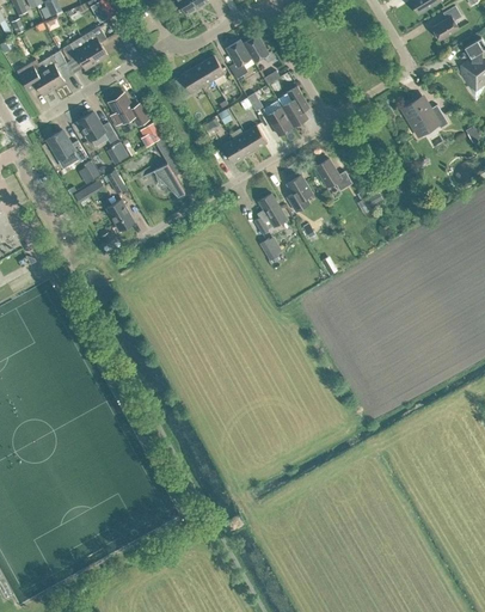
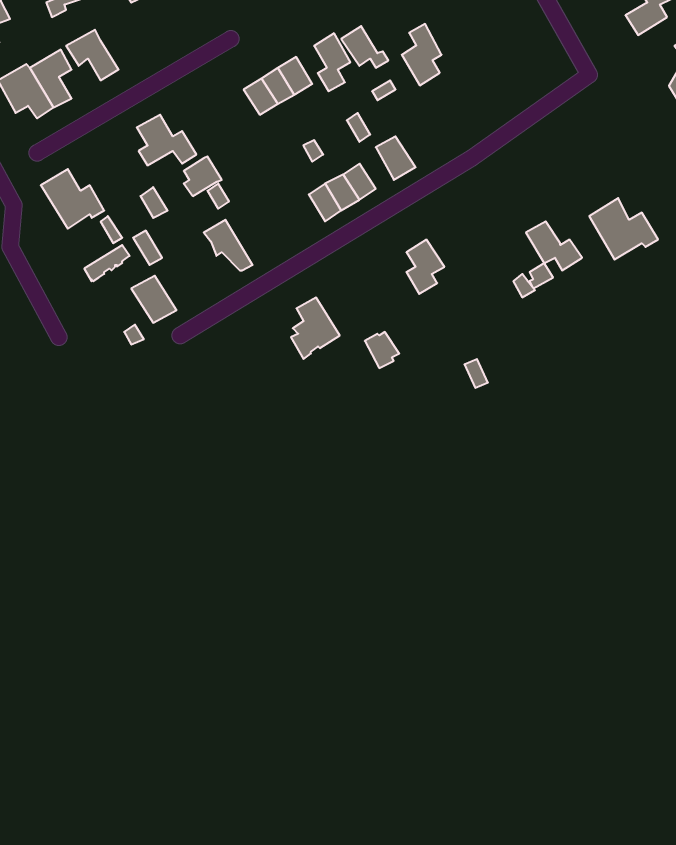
building: [81,26,108,63] -> none
building: [282,86,308,127] -> [402,24,442,85]
building: [403,96,448,136] -> [589,198,658,260]
building: [78,111,118,147] -> none
building: [315,159,352,191] -> [526,221,582,270]
building: [254,194,287,234] -> [291,298,340,359]

